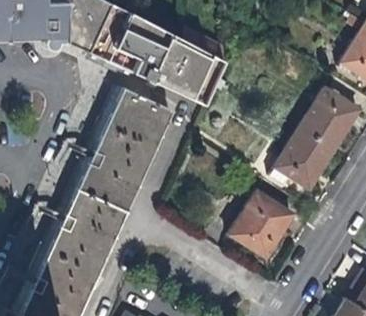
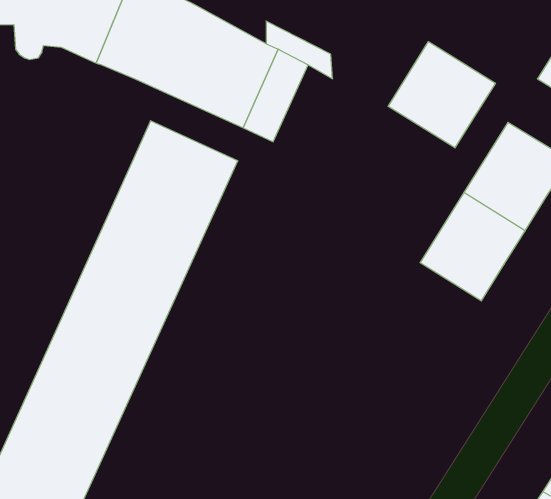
building: none -> [388,42,495,148]
building: [230,191,294,257] -> none

